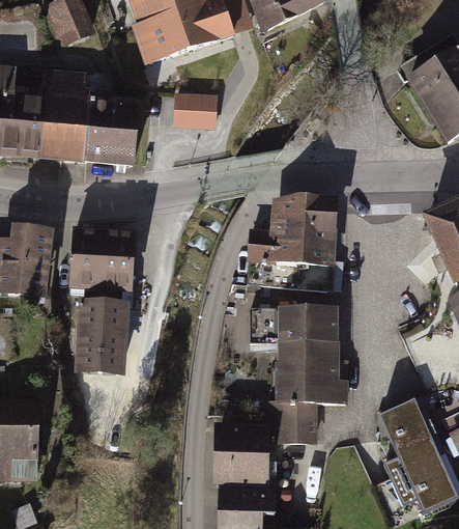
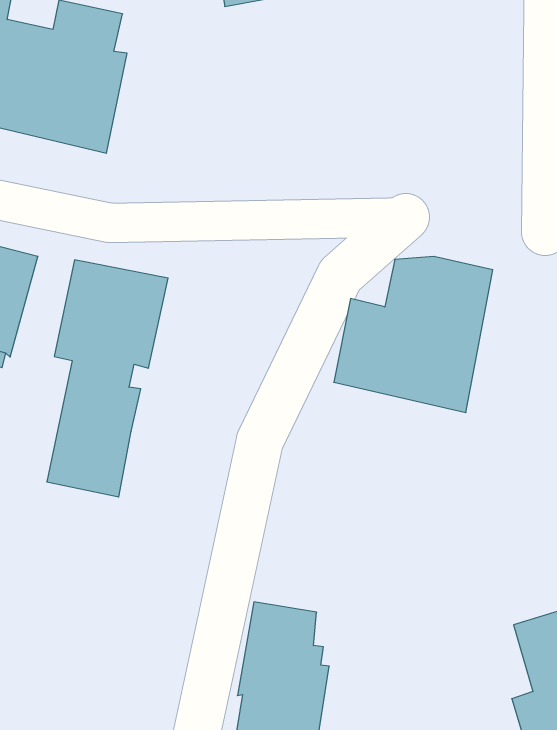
building: [176,93,214,126] -> none
building: [87,98,140,164] -> none
building: [251,310,343,441] -> none

